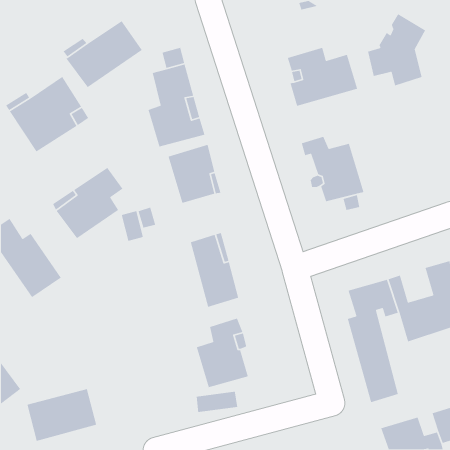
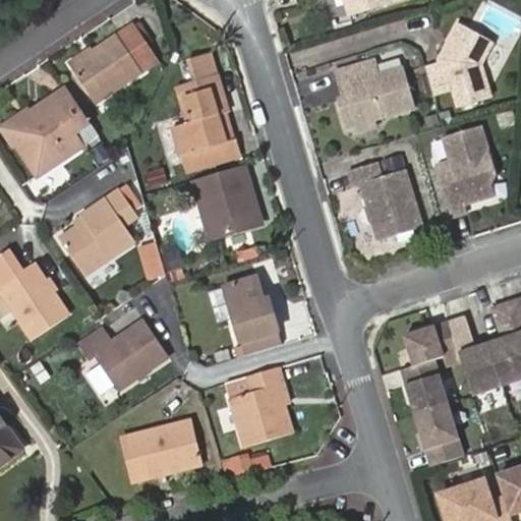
building: none -> [435,125,494,213]
building: none -> [77,321,168,391]
building: [27,388,97,442] -> [118,421,199,483]

